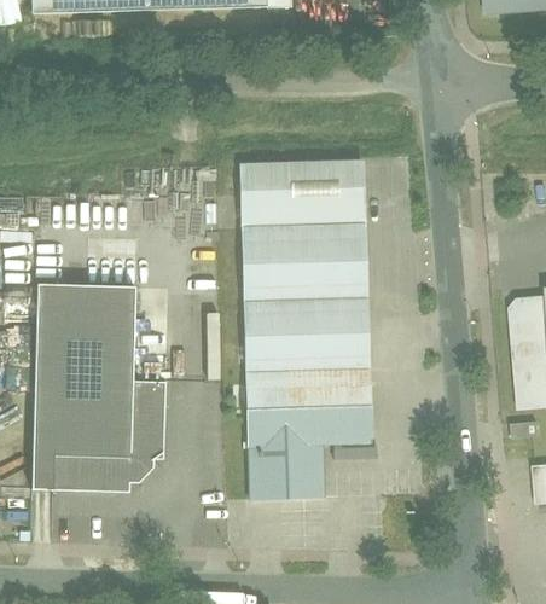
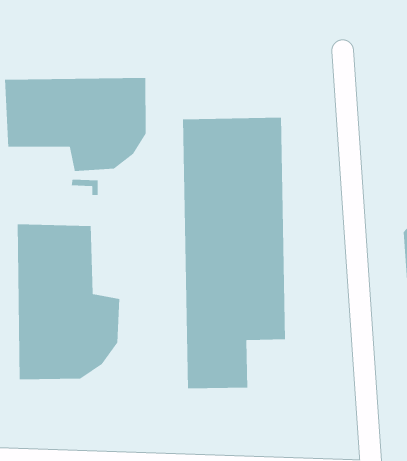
building: none -> [4,77,147,172]

